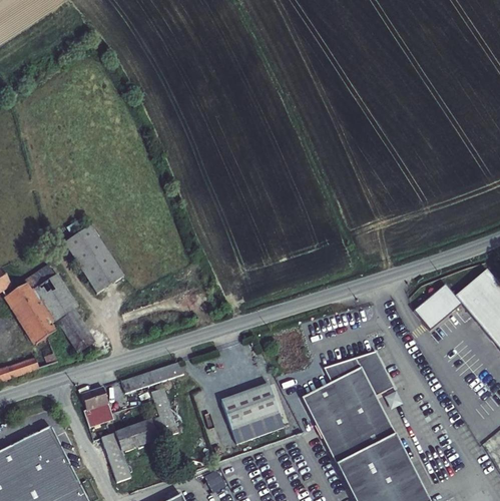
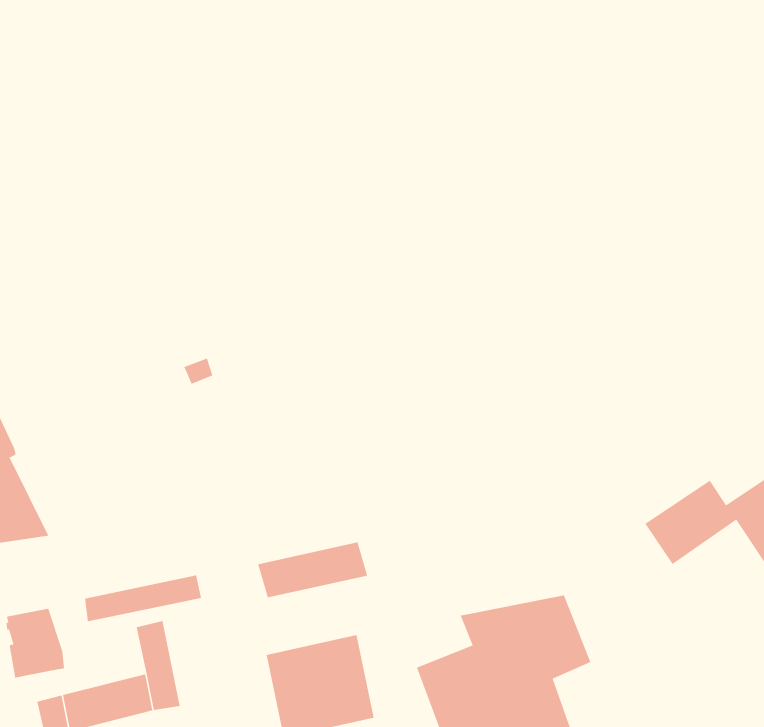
building: [67,226,126,296] -> none
building: none -> [257,542,368,598]

